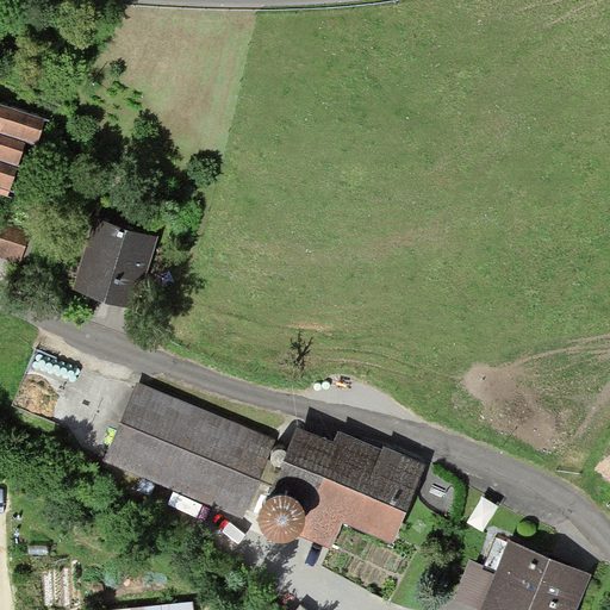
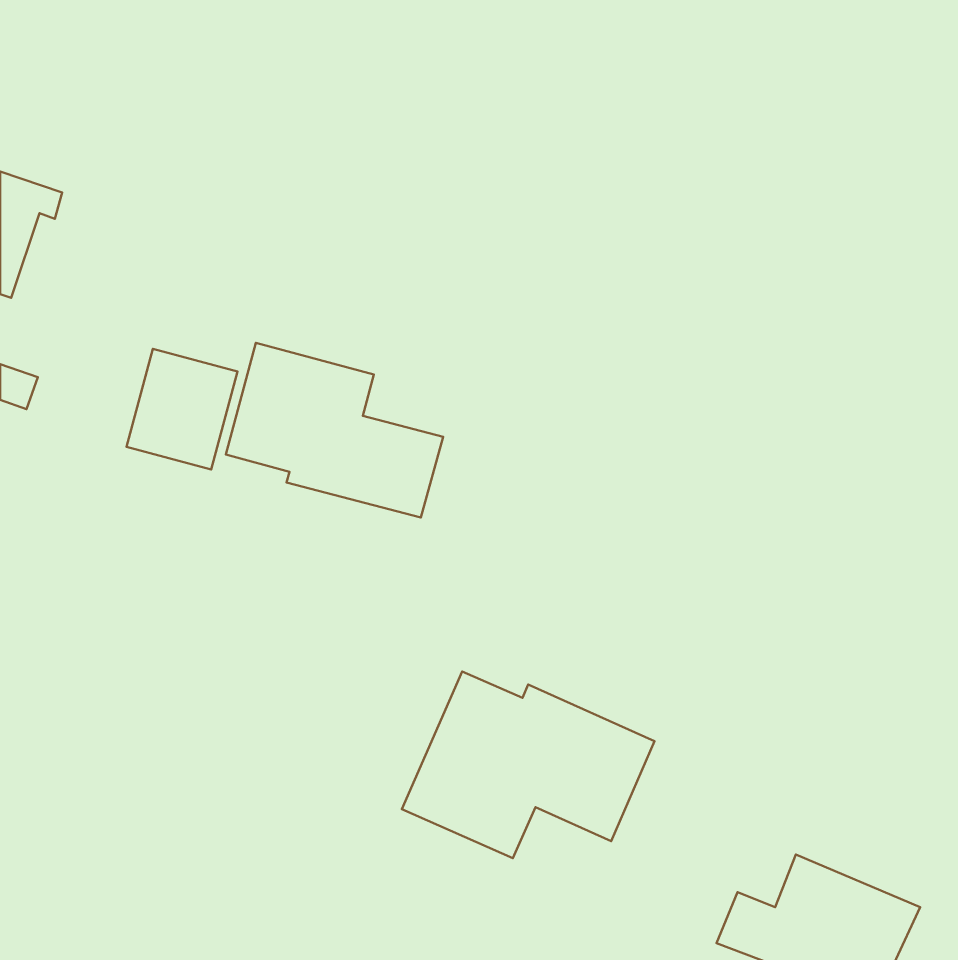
building: none -> [226,343,443,518]
building: [107,386,270,515] -> none

